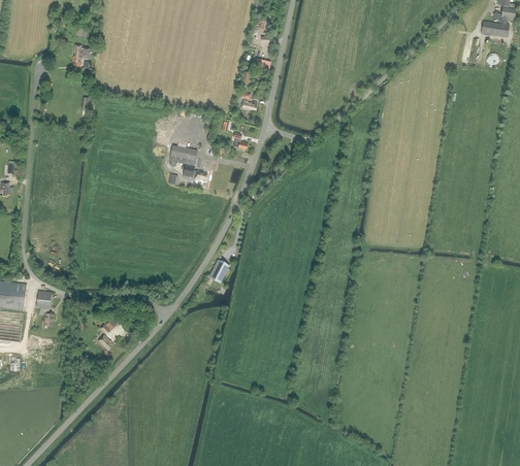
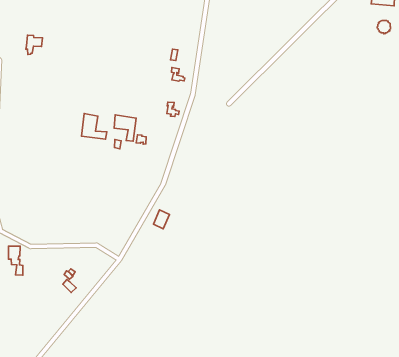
building: none -> [81,114,107,139]

